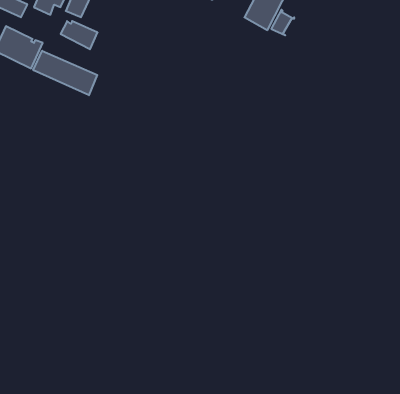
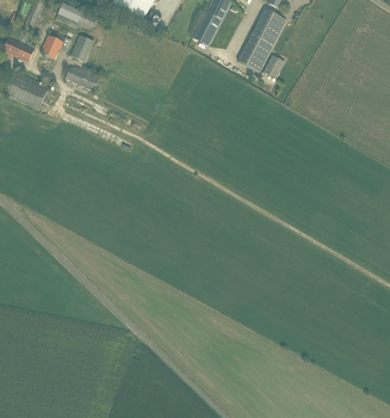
building: [33,51,97,95] -> none

